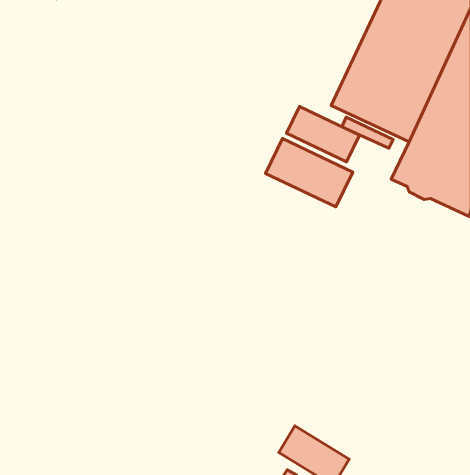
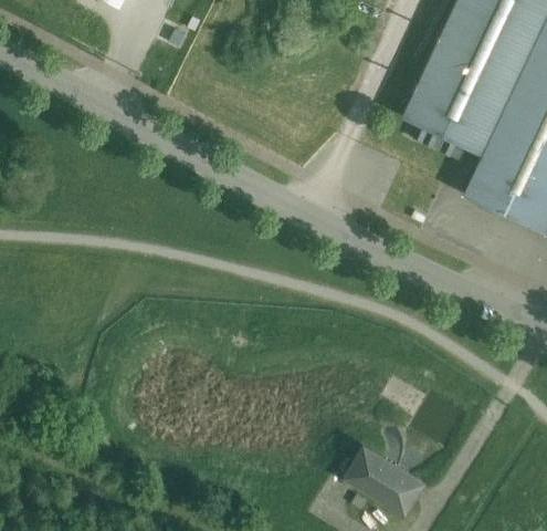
building: [286,107,360,162] -> none
building: [266,138,353,207] -> none

